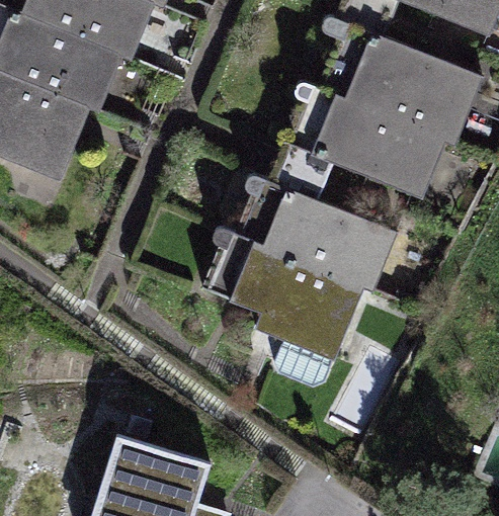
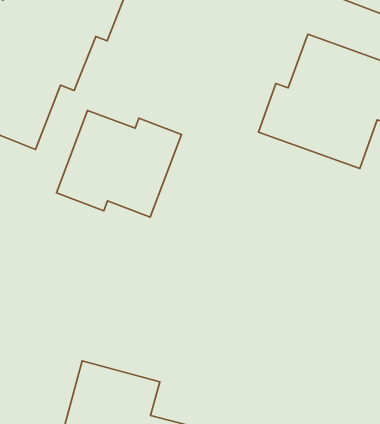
building: none -> [57,110,181,217]
building: [218,192,403,352] -> none

